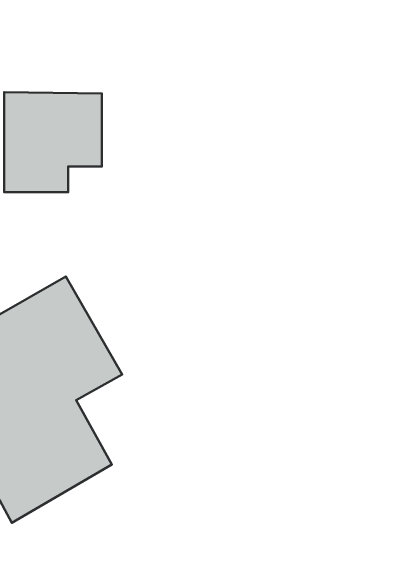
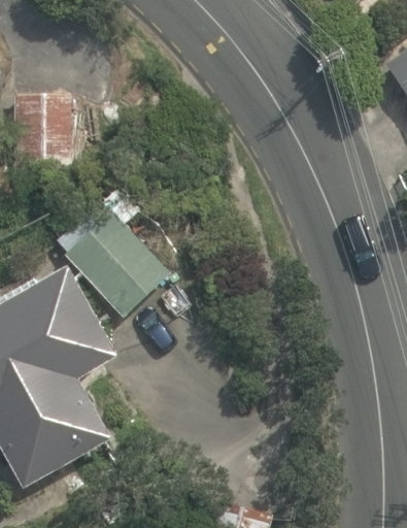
building: none -> [62,207,170,318]

